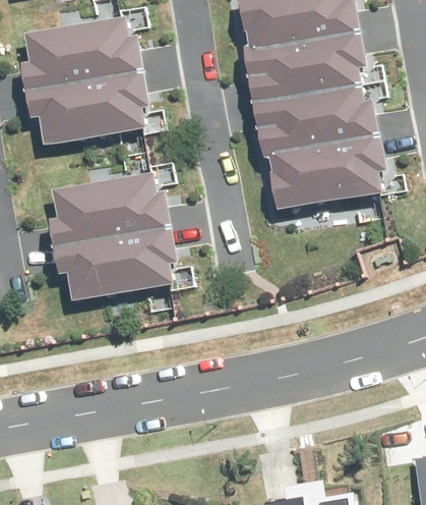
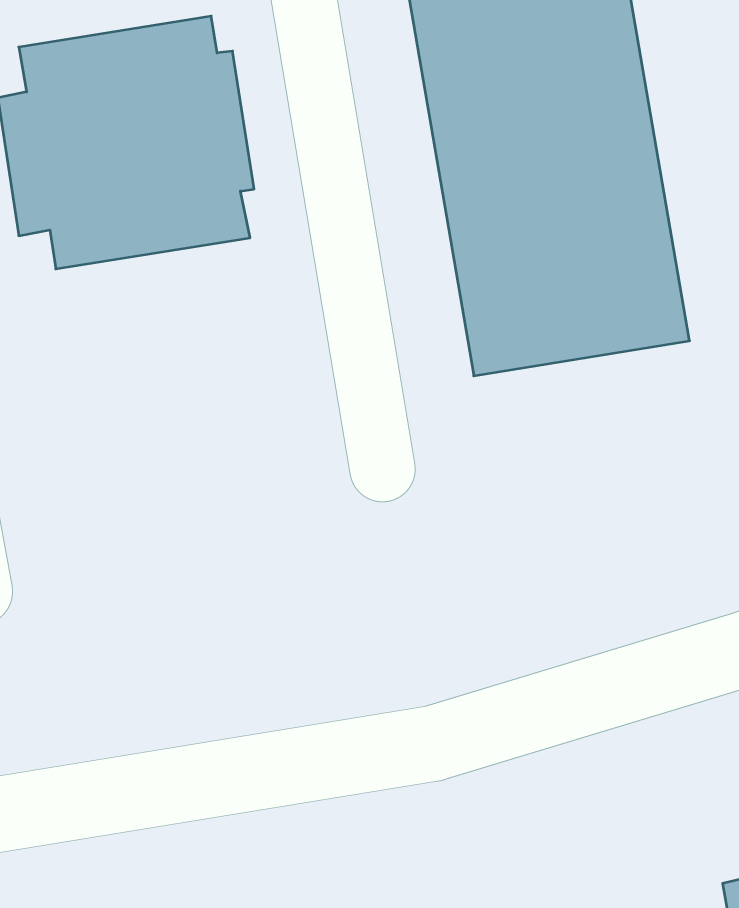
building: [50,160,185,292] -> none

